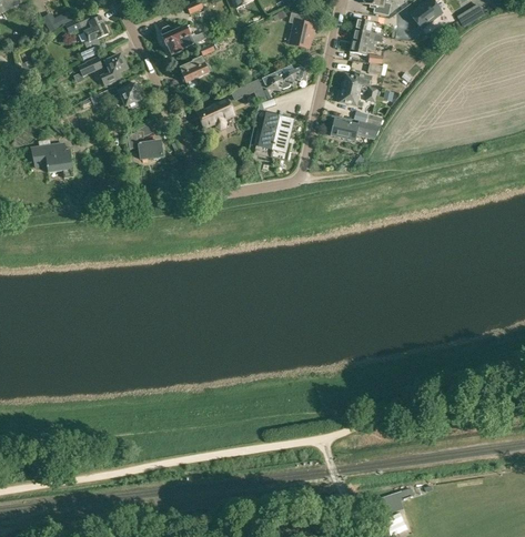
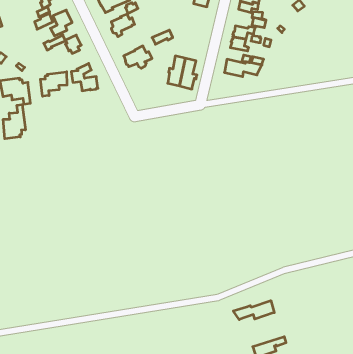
building: [262,65,303,89] -> none
building: none -> [40,72,67,96]
building: none -> [3,105,25,139]
building: none -> [233,301,274,320]

